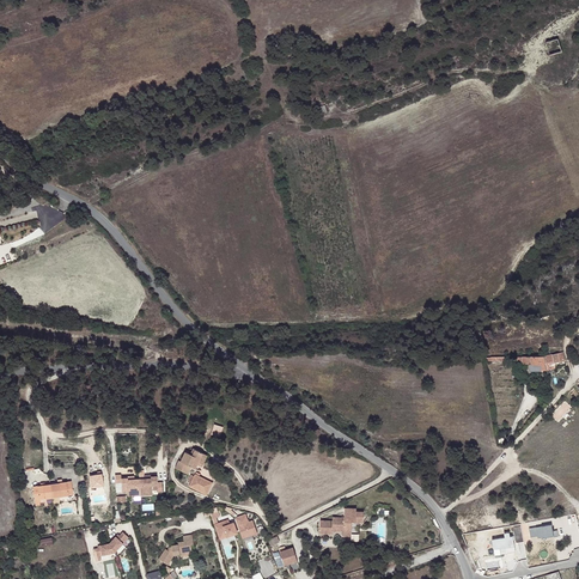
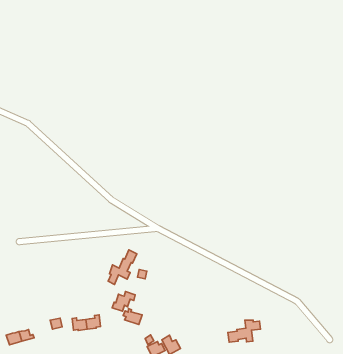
building: none -> [108,250,137,284]

